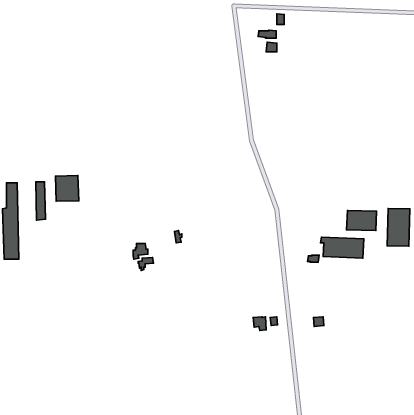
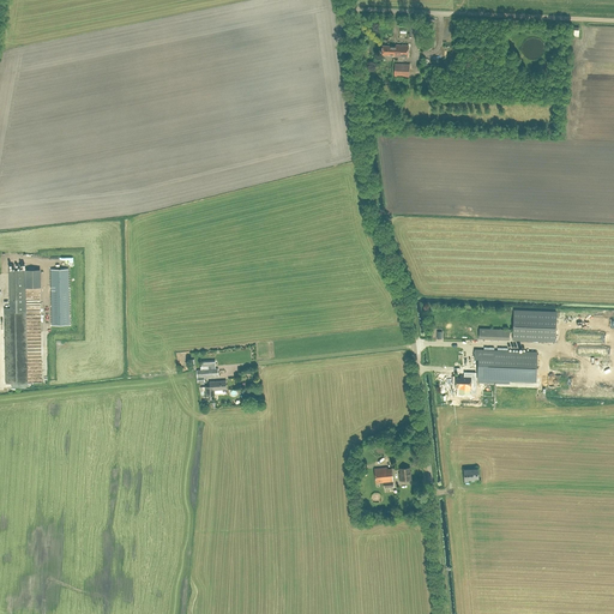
building: [56,176,79,201] -> none
building: [387,209,410,246] -> none

